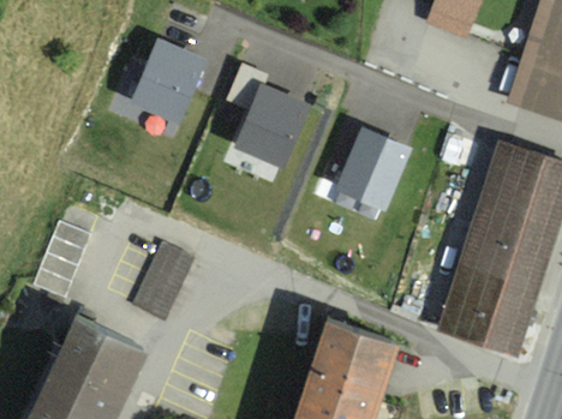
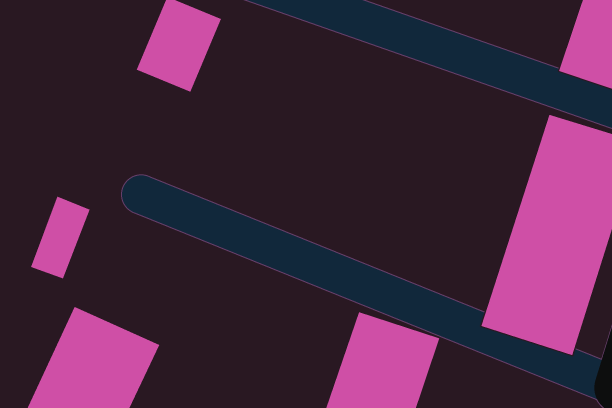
building: [222,62,310,169] -> none
building: [334,125,414,214] -> none
building: [131,241,192,319] -> none

